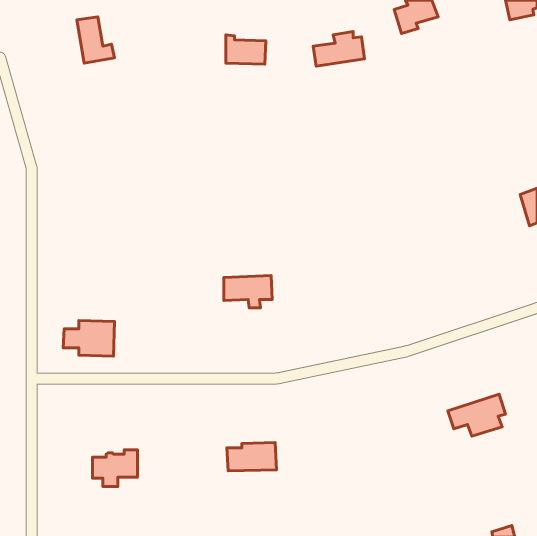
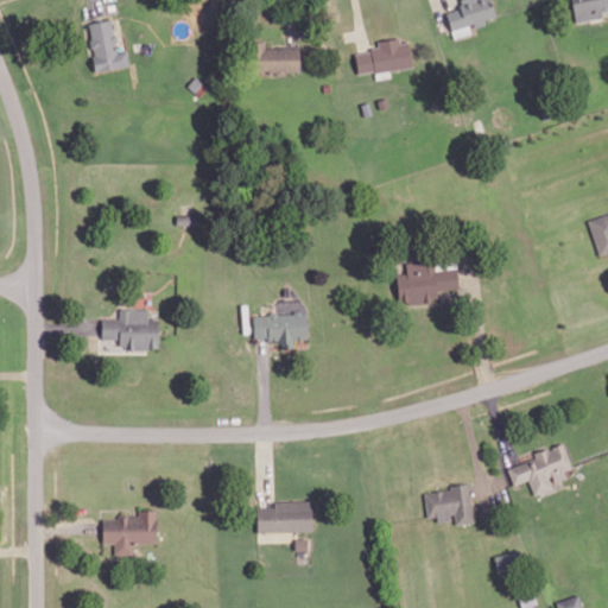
building: none -> [397,262,458,304]
building: [63,321,115,356] -> [101,310,159,350]
building: none -> [424,483,473,526]

